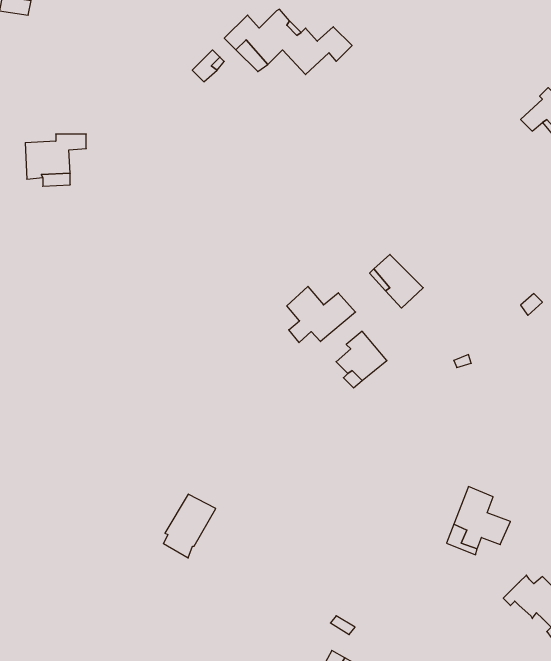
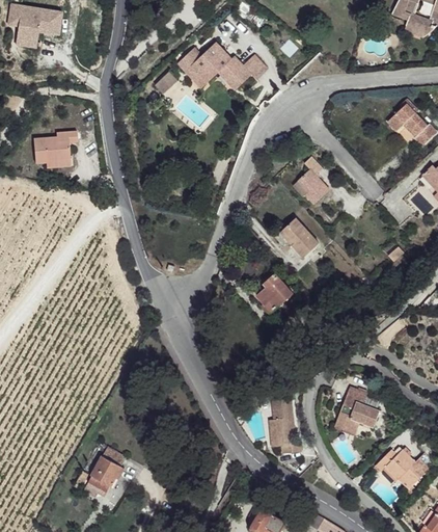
building: none -> [297,157,328,205]
building: [287,286,356,343] -> none
building: [163,494,216,558] -> [89,447,127,493]
building: none -> [269,399,301,454]

